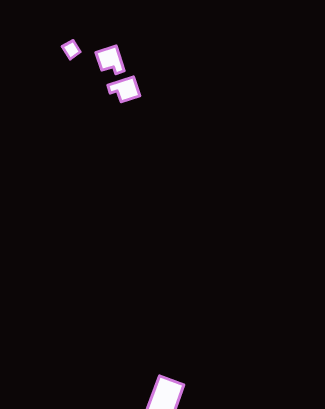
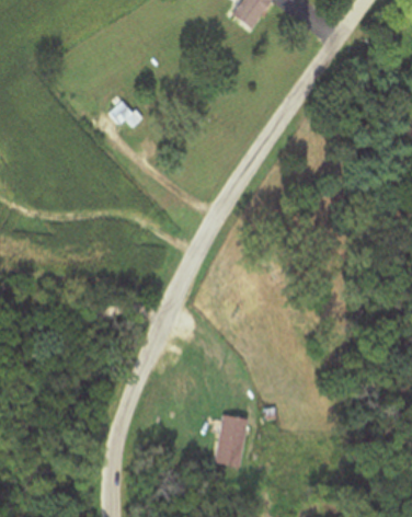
building: [108,77,140,102] -> none

